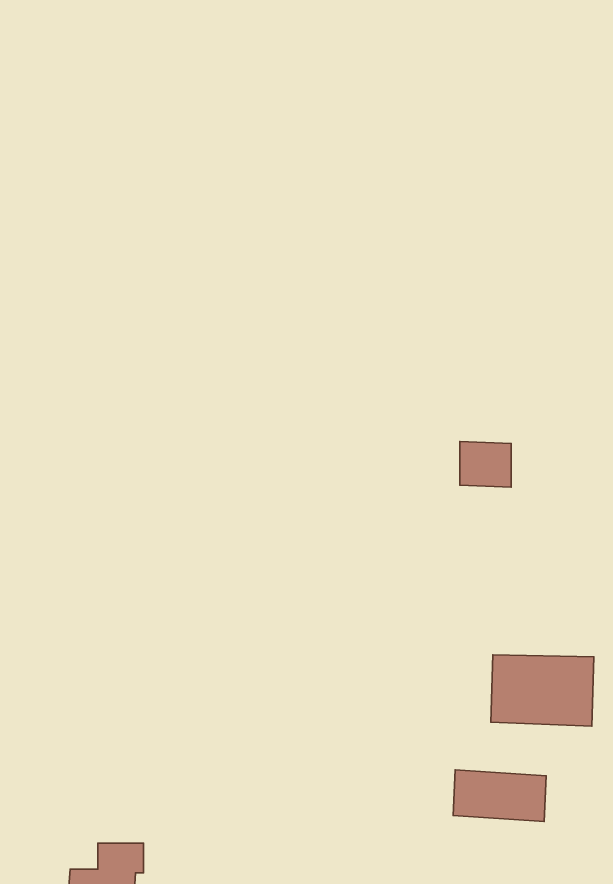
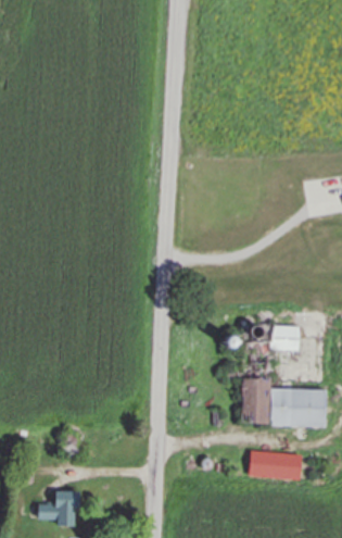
building: [460,441,511,487] -> [271,326,300,351]
building: none -> [242,378,270,424]

